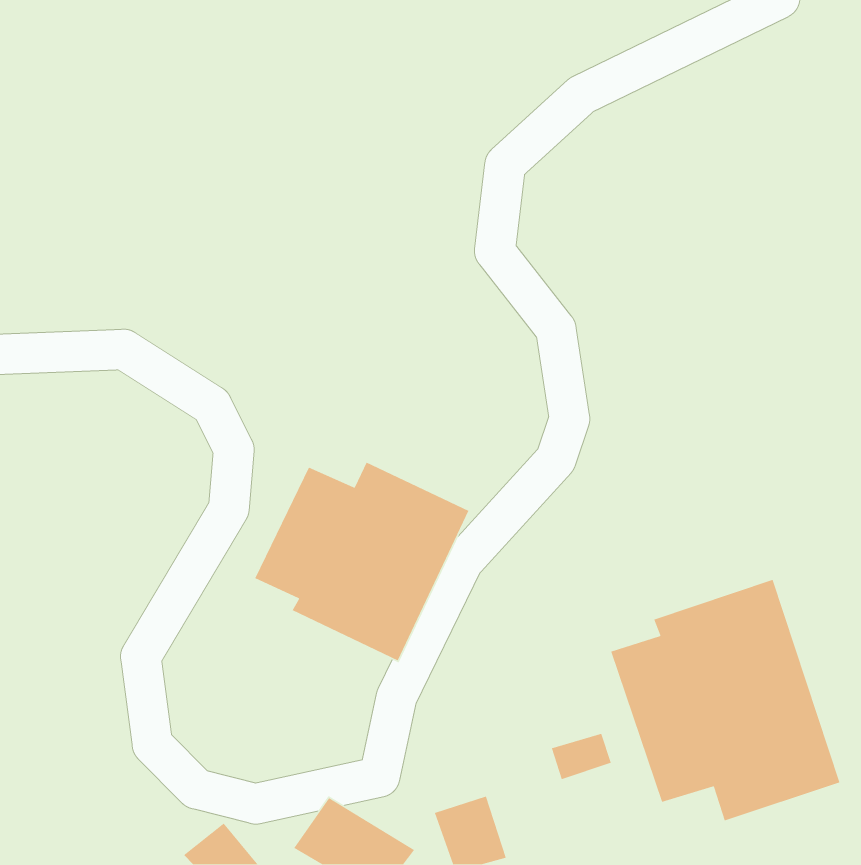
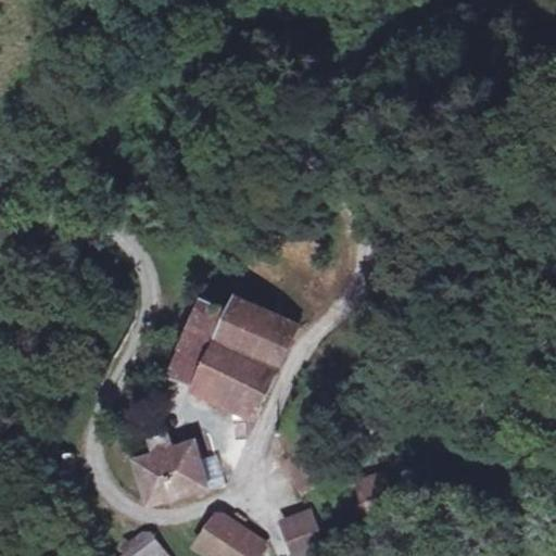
building: [610,579,841,822] -> none
building: none -> [135,428,207,507]

